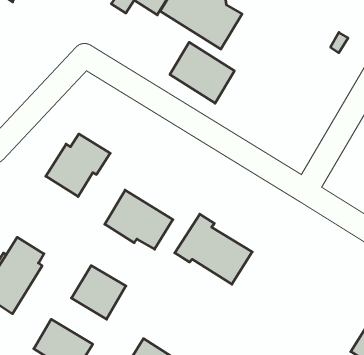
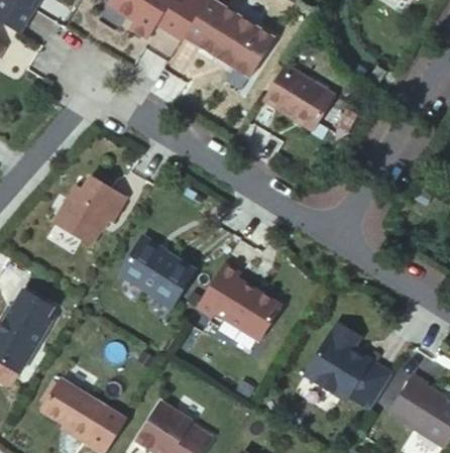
building: [170,42,234,103] -> [263,64,334,130]
building: [71,266,126,319] -> none
building: none -> [305,323,392,410]

